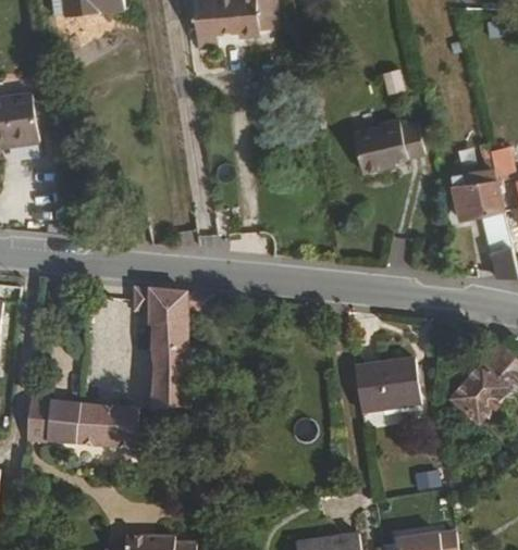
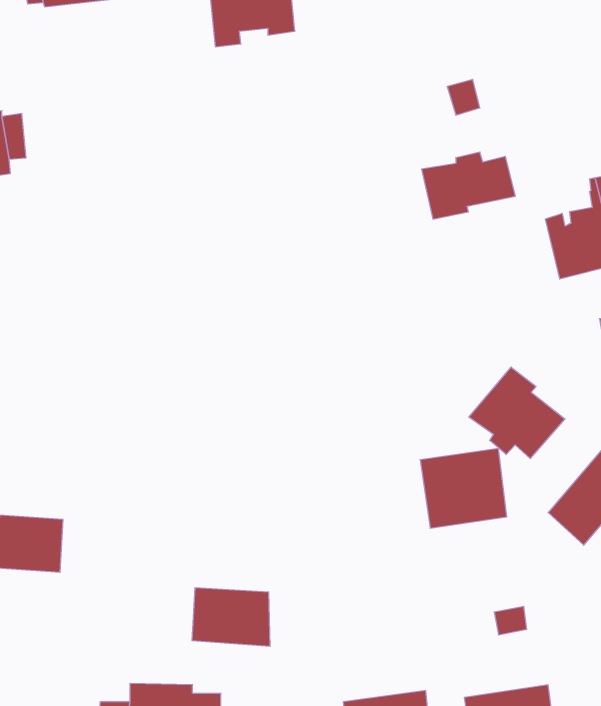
building: [134,286,210,410] -> none
building: none -> [469,367,565,458]
building: [78,404,138,449] -> [192,588,270,646]

